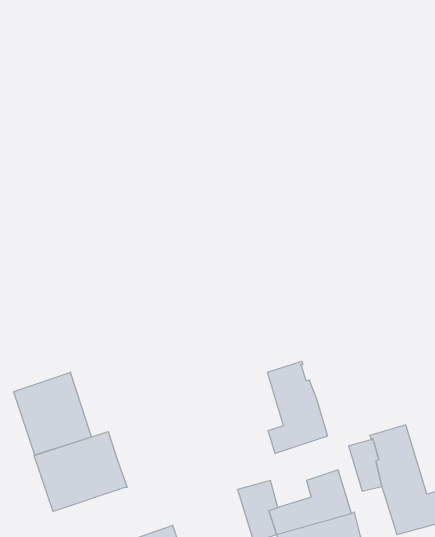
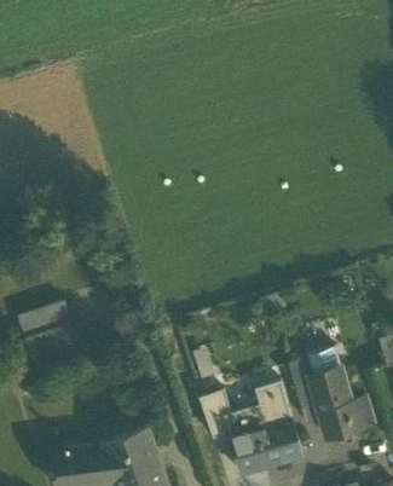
building: [267,361,328,454] -> none
building: [34,432,127,512] -> none

